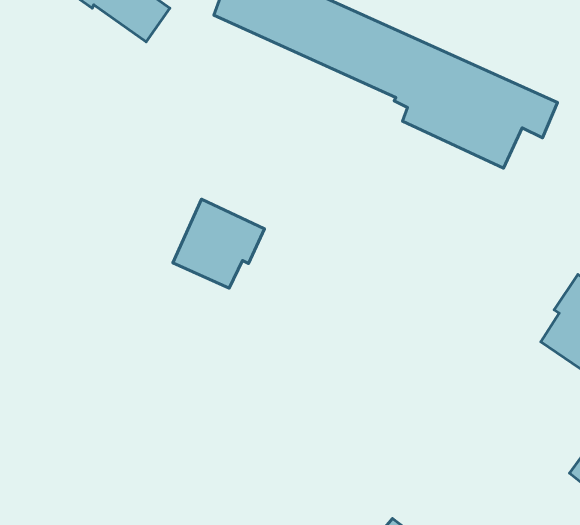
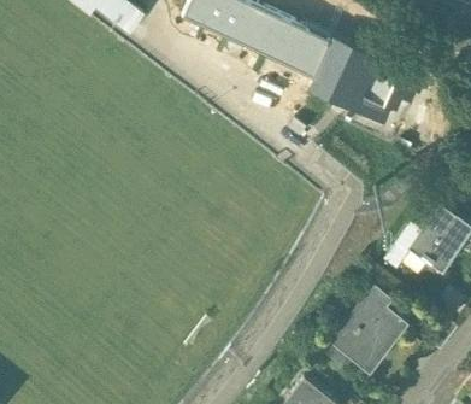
building: [173,199,264,288] -> none
building: none -> [330,282,408,371]

